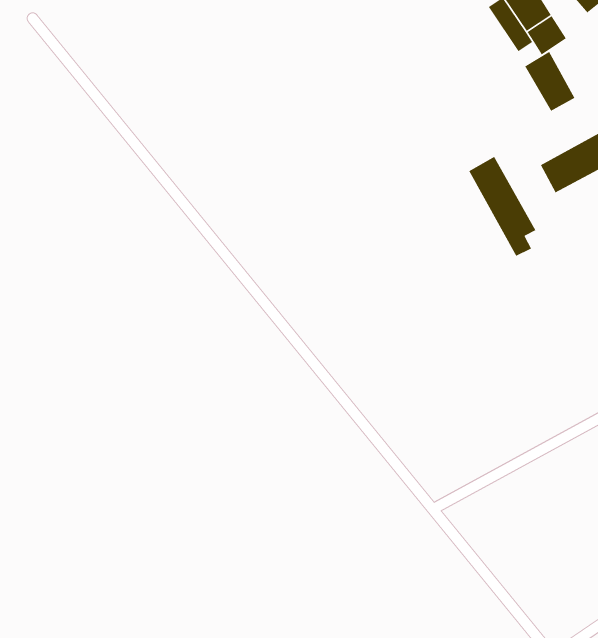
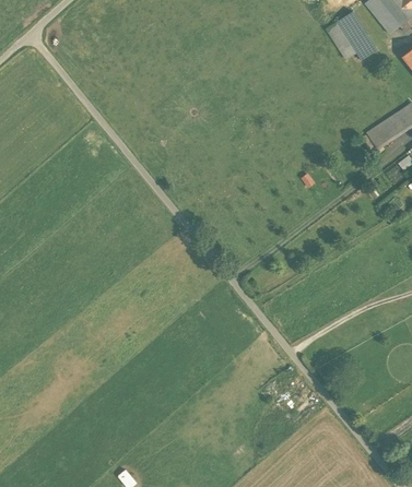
building: [524,51,576,112] -> none
building: [468,156,537,257] -> none

